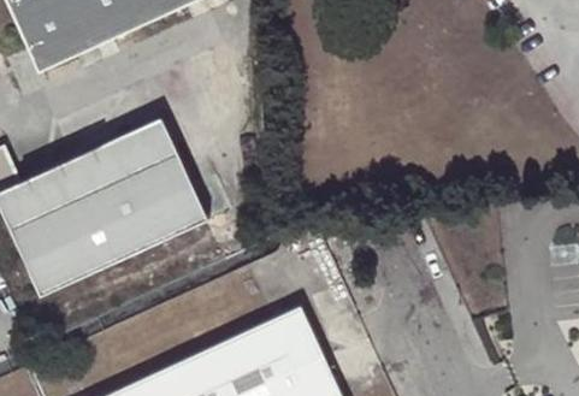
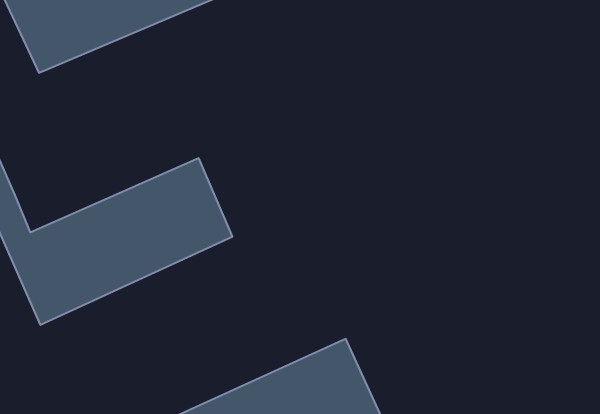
building: [17,116,175,213] -> none

